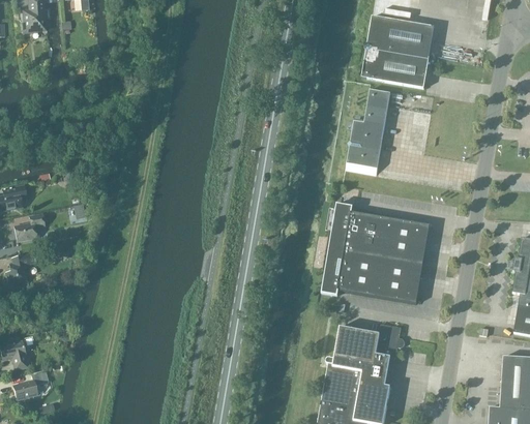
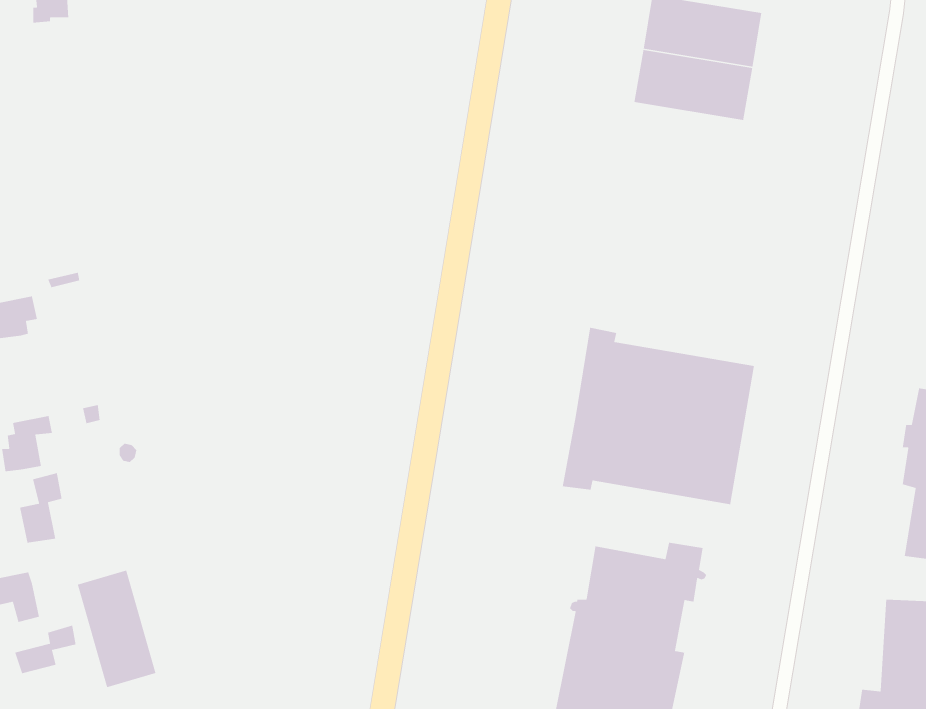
building: [346,89,390,174] -> none
building: [13,213,43,241] -> none
building: none -> [19,472,63,544]
building: none -> [77,570,156,688]

